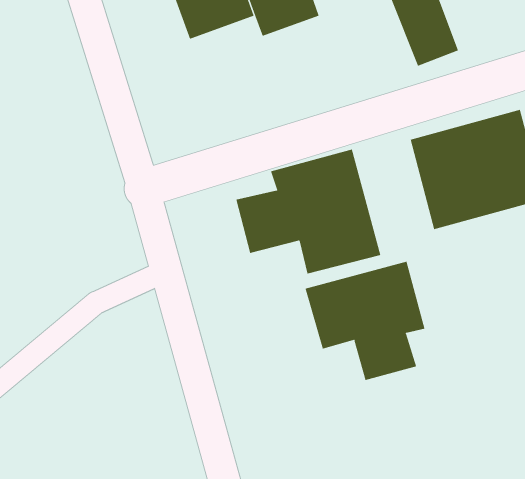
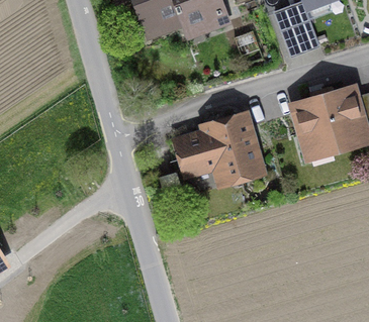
building: [305,261,425,381] -> none

